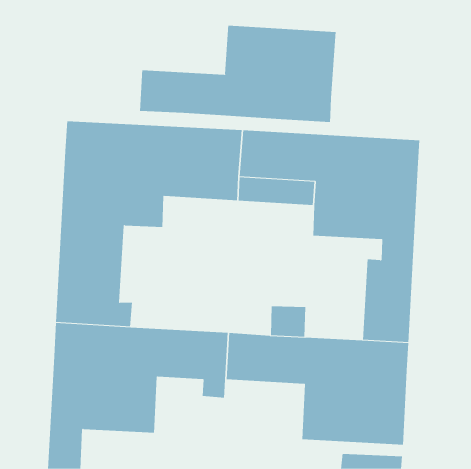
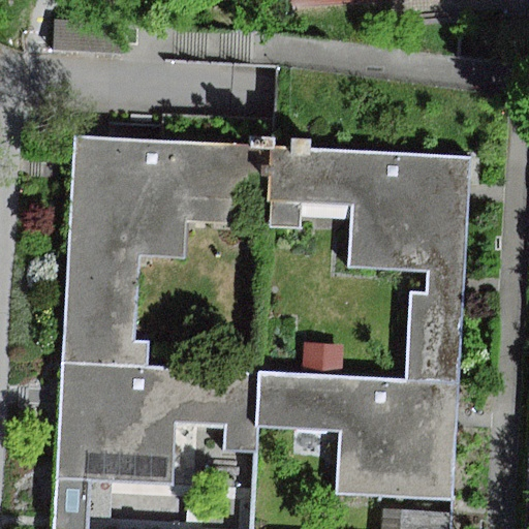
building: [139,25,336,123] -> none

